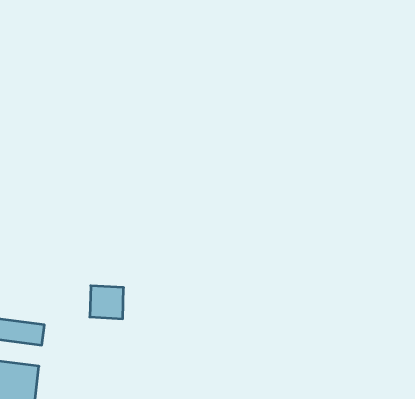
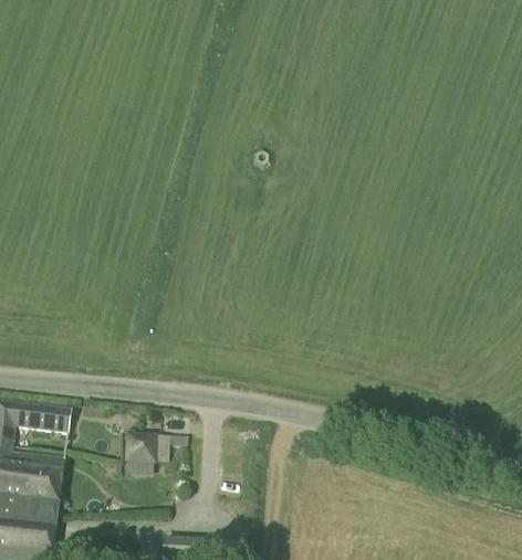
building: [90,286,124,319] -> [126,431,167,471]

